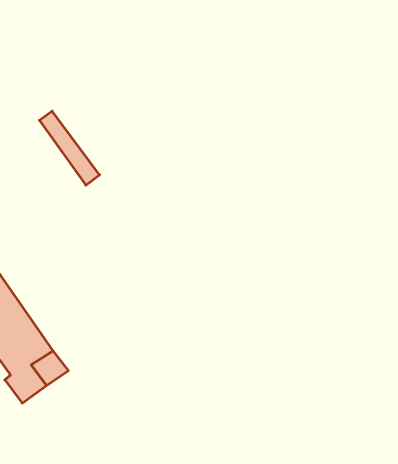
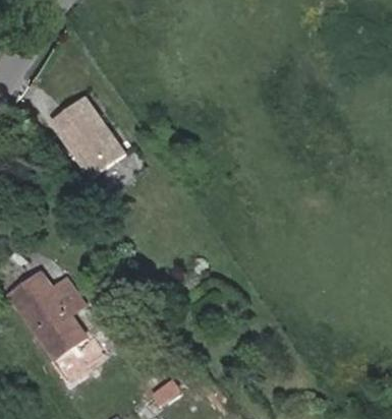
building: none -> [49,108,112,181]

